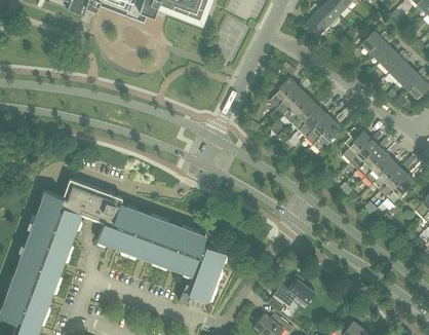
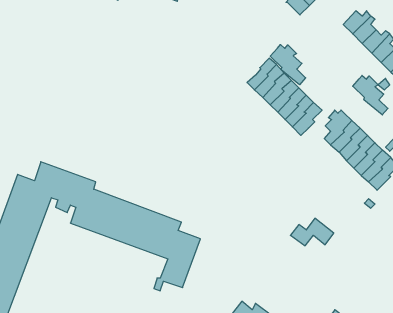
building: none -> [270,45,306,85]
building: none -> [353,75,388,115]
building: [273,280,315,306] -> [290,218,334,246]

